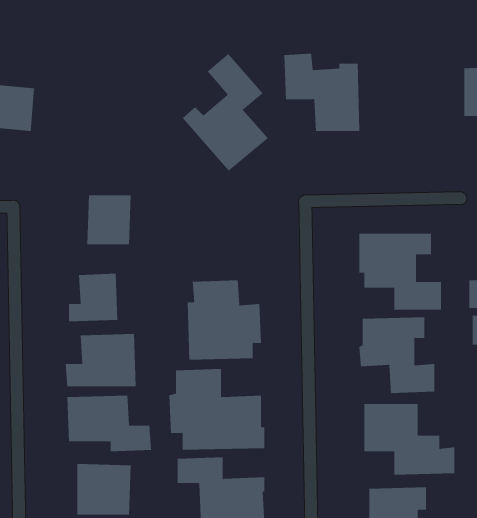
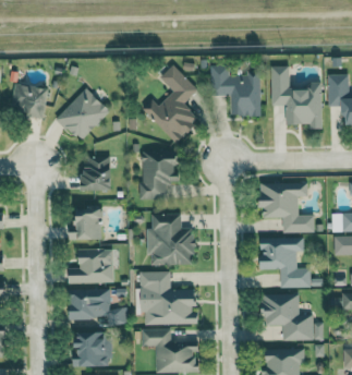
building: none -> [271,66,323,130]
building: none -> [56,88,110,142]
building: none -> [139,152,179,199]

